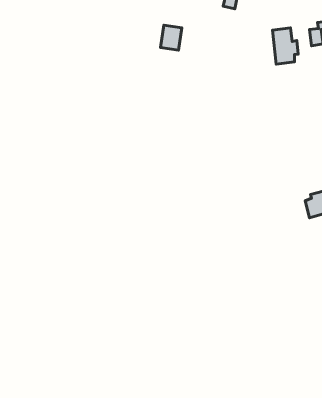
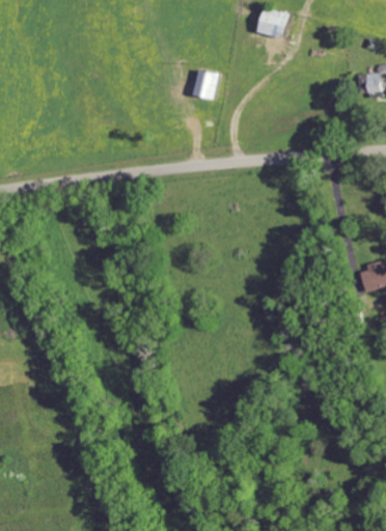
building: [273,28,298,64] -> none

